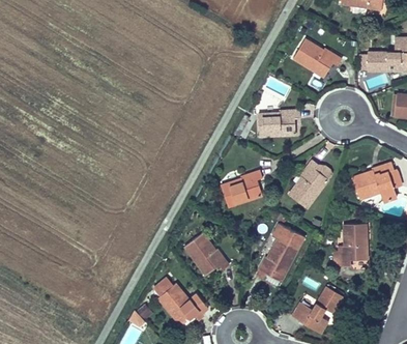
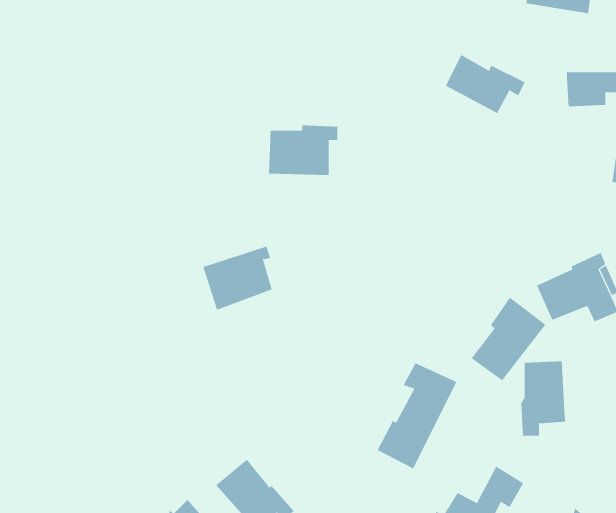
building: [260,110,301,140] -> [268,125,338,176]
building: [288,161,332,210] -> [471,297,546,381]
building: [221,171,262,209] -> [202,246,272,311]
building: [185,234,231,277] -> none

